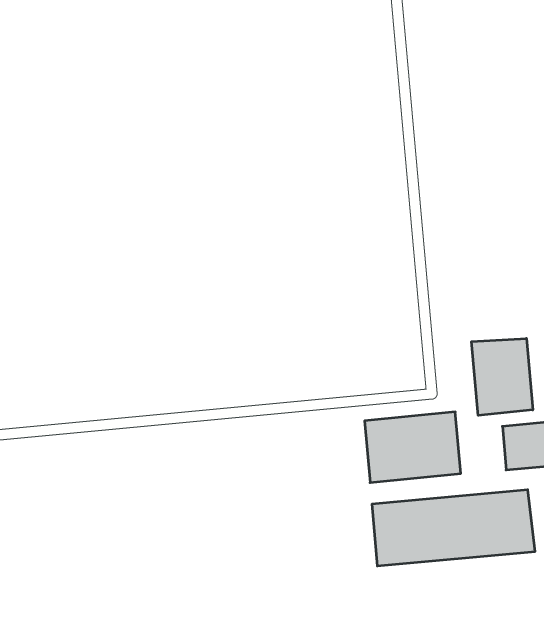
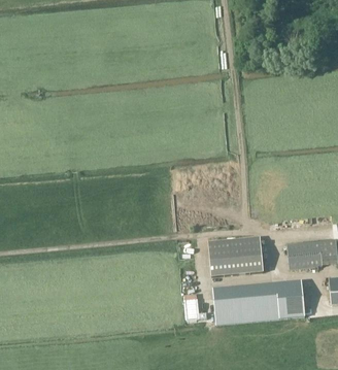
building: [472,338,533,415] -> none

